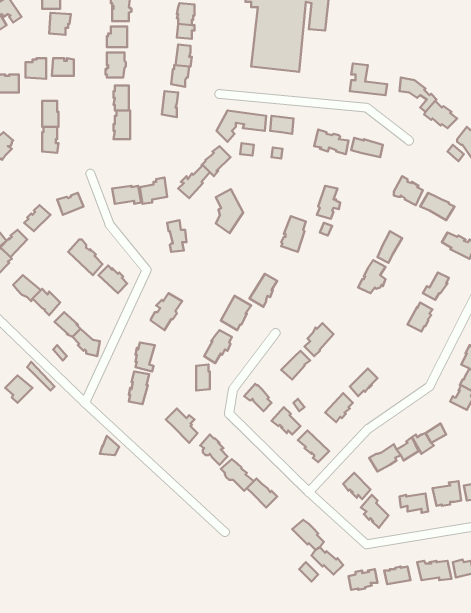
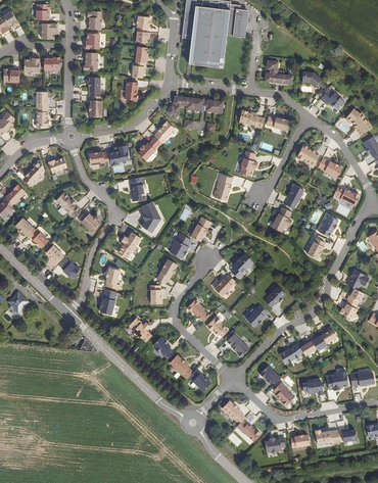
building: [216,189,243,233] -> [141,199,161,232]

